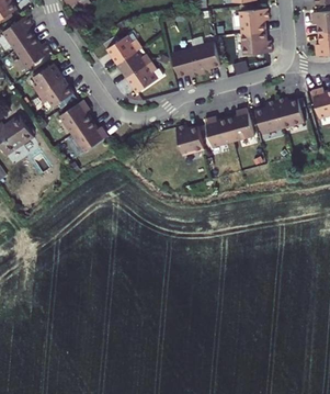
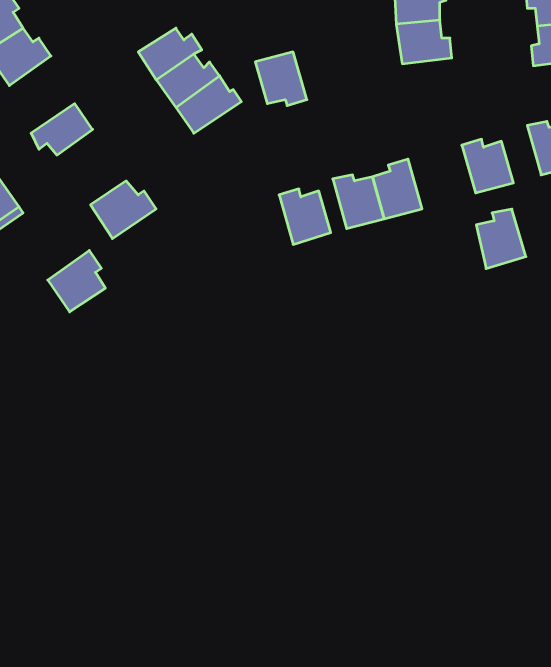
building: [184,43,212,76] -> none
building: [33,64,64,94] -> none
building: [60,100,92,134] -> [48,250,105,312]
building: [258,101,285,134] -> [476,209,526,269]

